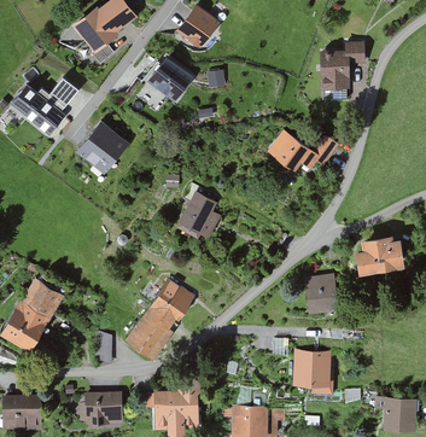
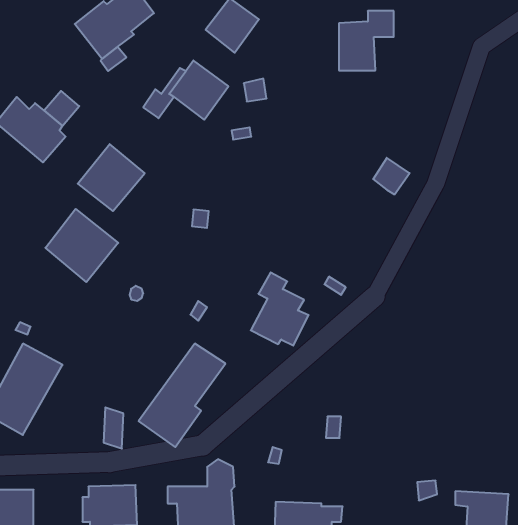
building: [320,41,363,88] -> [339,11,394,70]
building: [267,129,320,170] -> none
building: none -> [45,209,118,282]
building: [175,181,221,239] -> [251,272,309,346]
building: [355,237,404,276] -> none
building: [304,274,335,313] -> none
building: [292,348,333,394] -> none

